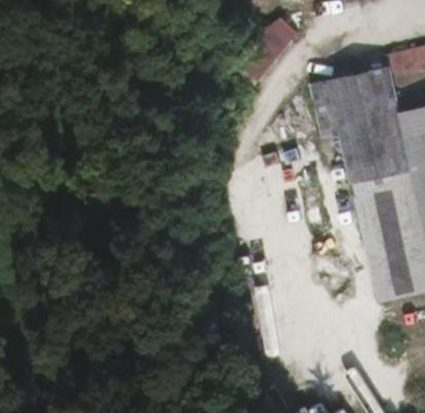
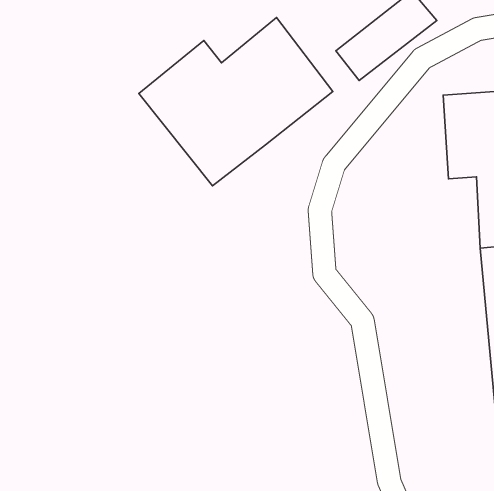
building: none -> [139,17,333,186]

